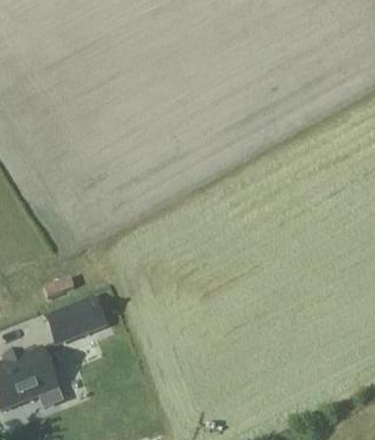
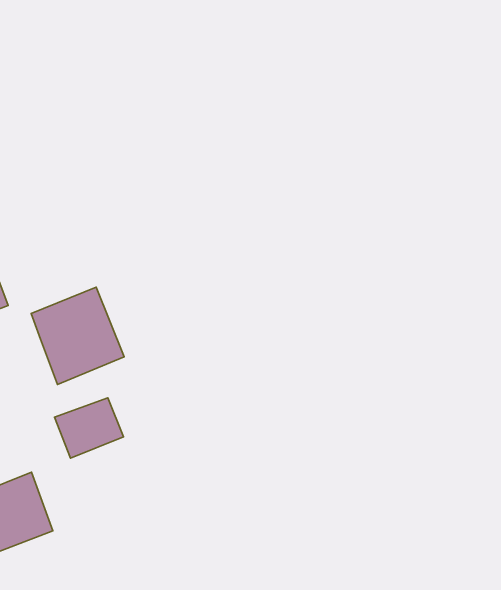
building: none -> [31,287,124,385]

